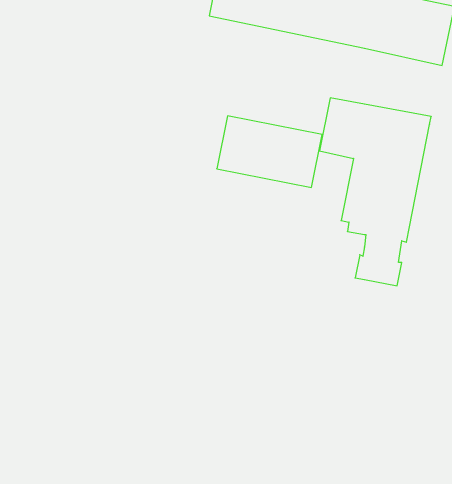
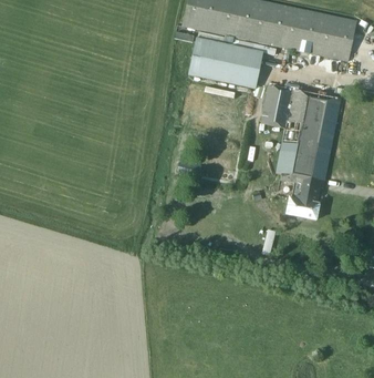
building: [217,116,322,187] -> [188,38,263,89]

